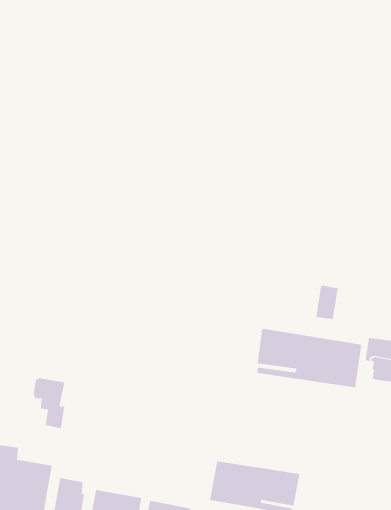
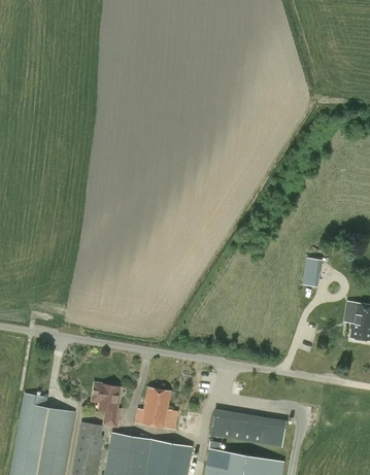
building: [257,328,362,388] -> none
building: [33,377,65,429] -> [93,383,121,428]
building: none -> [135,387,178,430]

